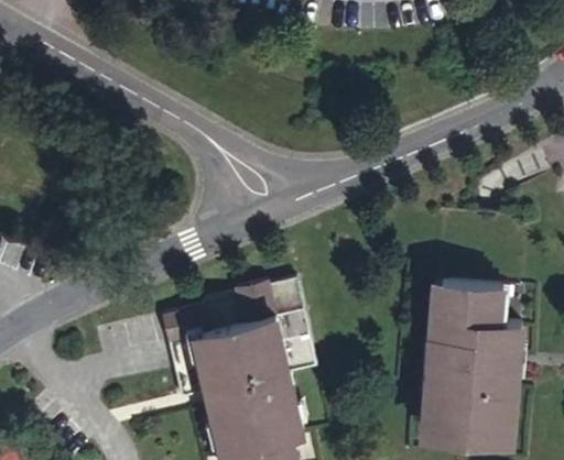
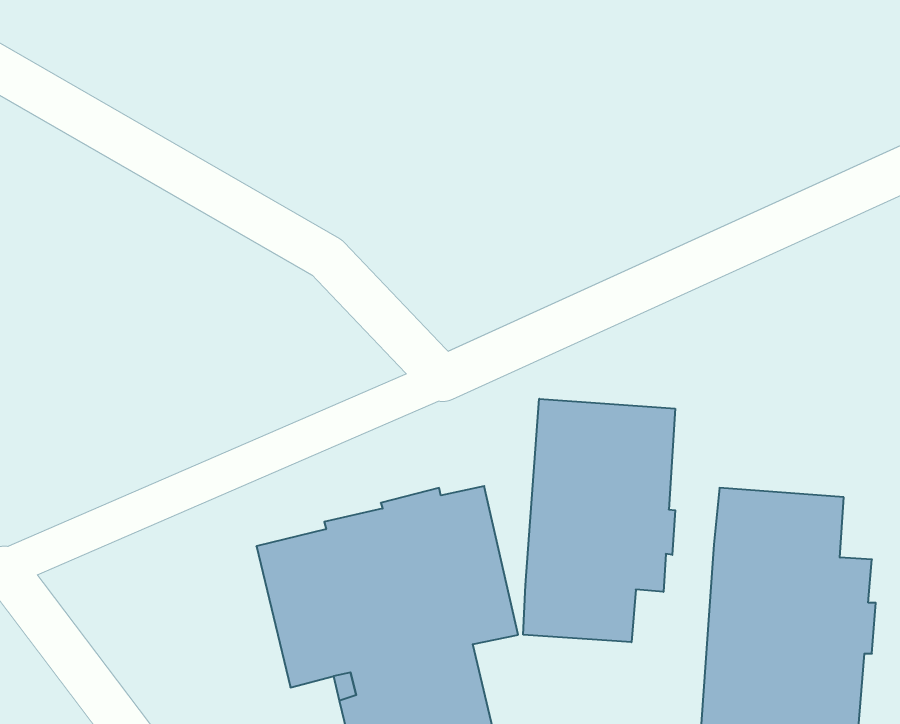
building: none -> [523,399,675,642]

